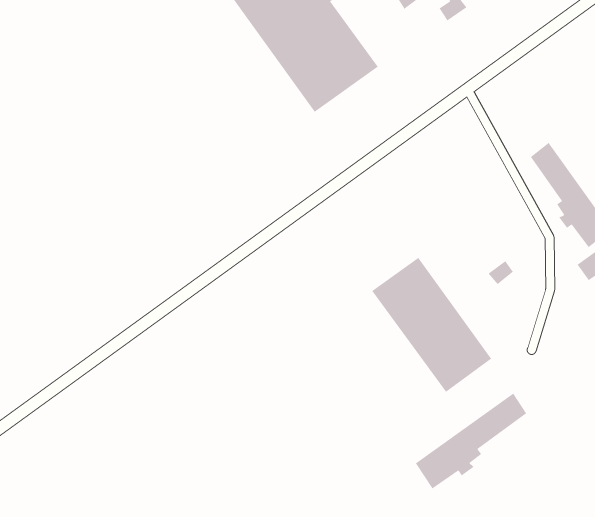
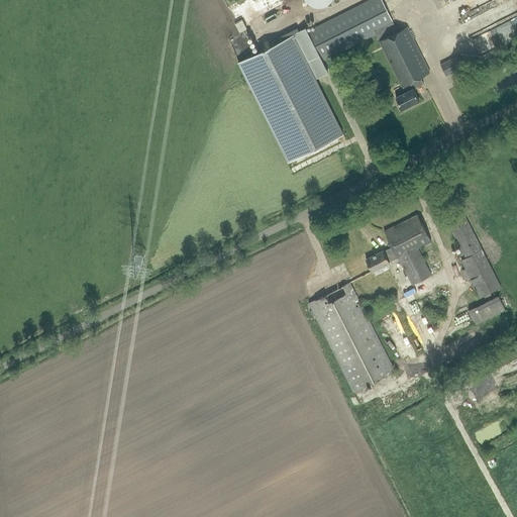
building: none -> [367,215,433,287]
building: [415,393,527,489] -> none

